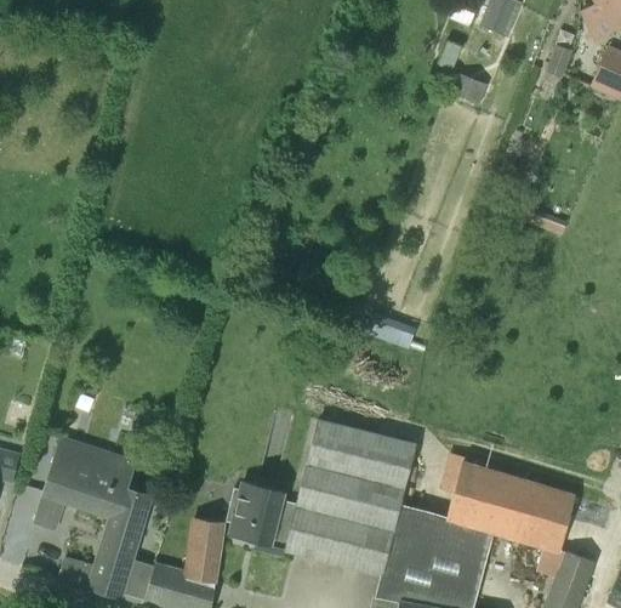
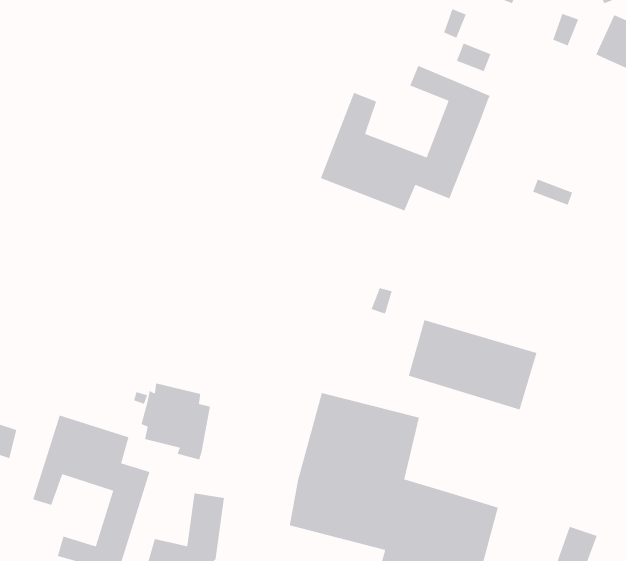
building: none -> [320,65,491,212]
building: [446,461,574,551] -> [408,319,537,411]
building: [227,481,296,557] -> [141,383,211,460]

